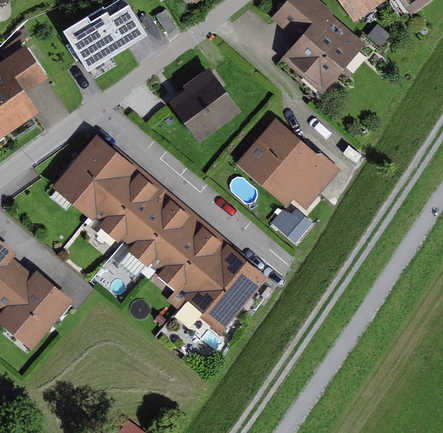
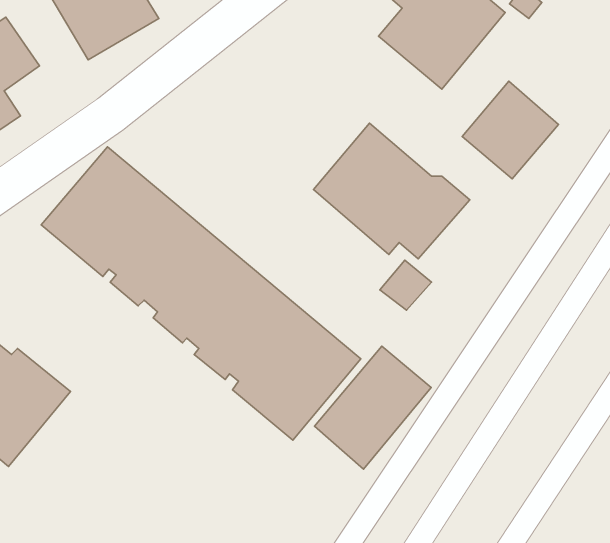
building: [169,66,241,142] -> none
building: none -> [462,81,558,179]
building: none -> [315,346,431,469]

